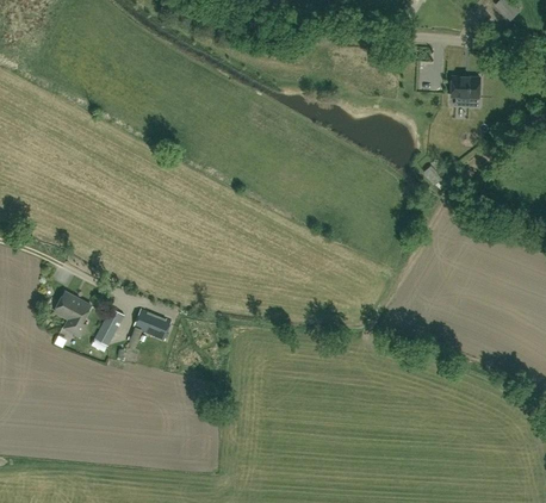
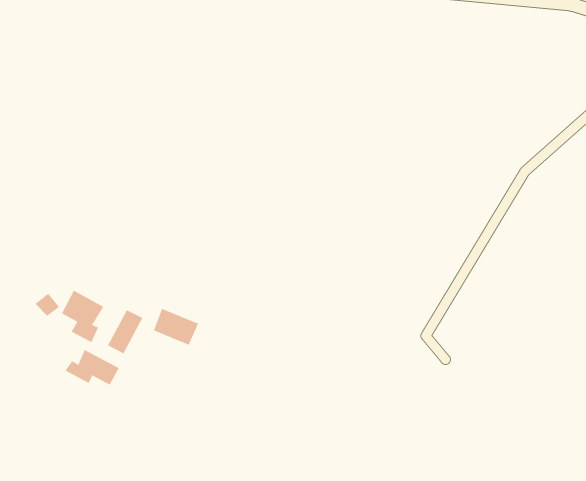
building: [451,77,479,107] -> none
building: none -> [65,349,120,385]

